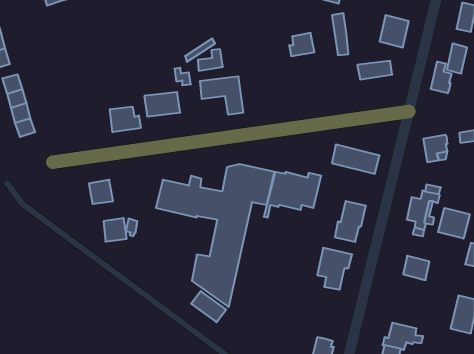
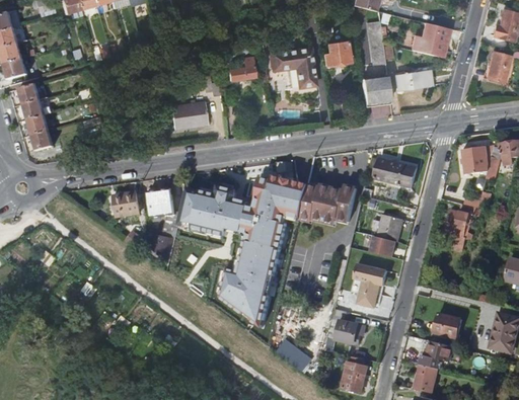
building: [431,62,451,93] -> none
building: none -> [360,77,389,104]
building: [200,76,243,114] -> [270,47,315,86]
building: [110,107,141,132] -> none
building: [438,208,470,239] -> none
building: [103,218,127,242] -> [151,194,175,219]
building: [403,256,429,280] -> [434,315,461,340]
building: [191,291,226,322] -> [276,339,312,372]
building: none -> [329,311,365,346]

